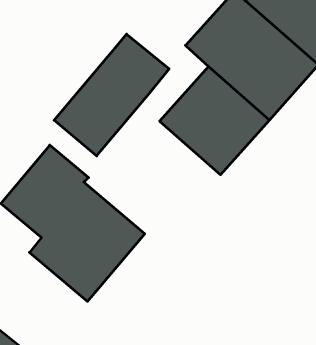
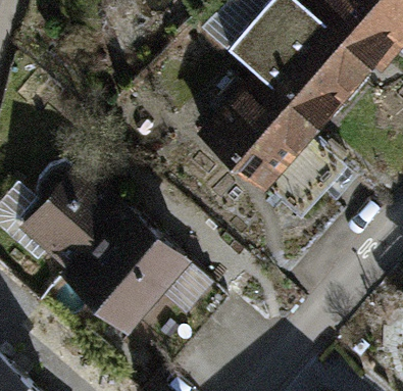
building: [54,34,169,156] -> none

